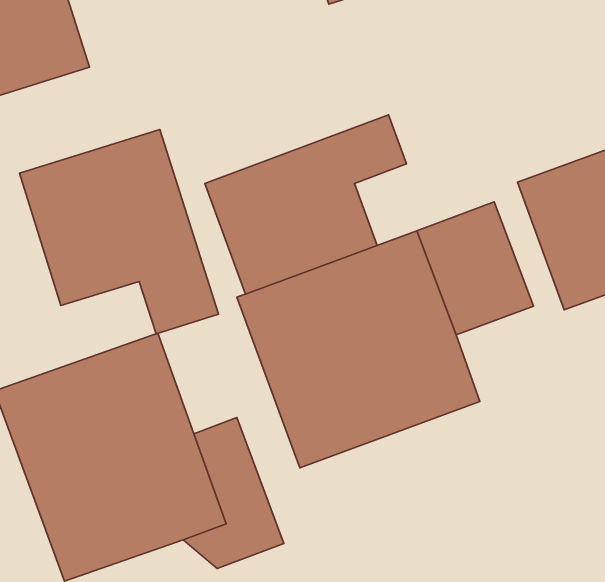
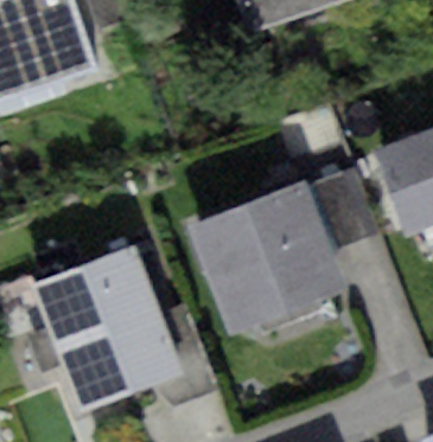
building: [205,115,407,294] -> none
building: [19,130,218,334] -> none

